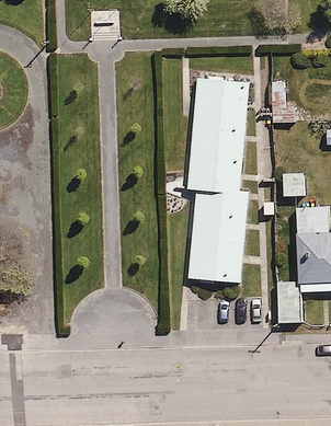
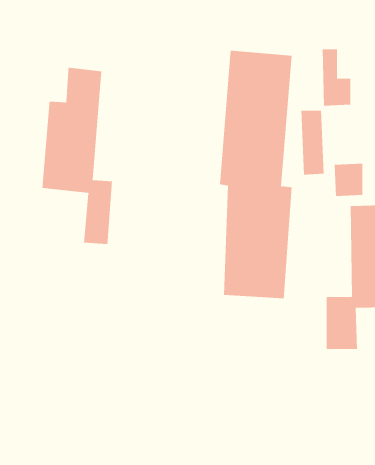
building: none -> [42,67,113,245]

